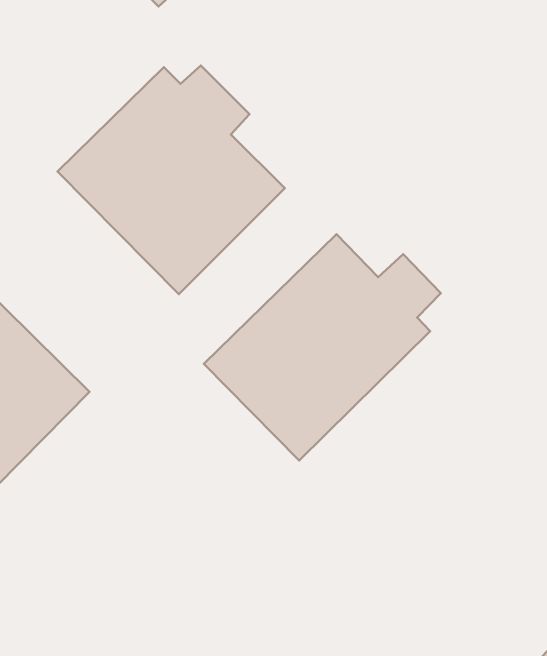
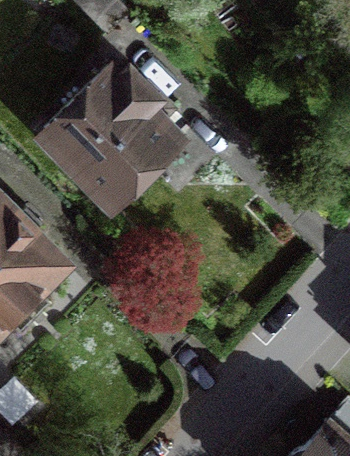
building: [204,234,441,461] -> none

